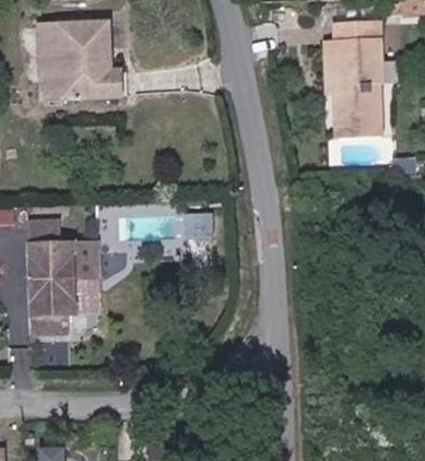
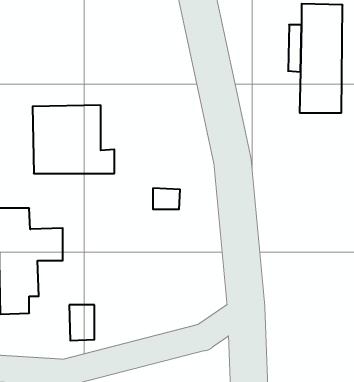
building: [36,23,121,94] -> [33,105,114,173]
building: [66,289,92,327] -> [69,305,94,341]

